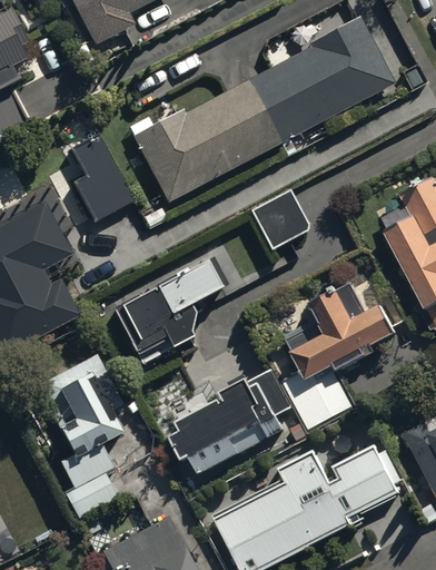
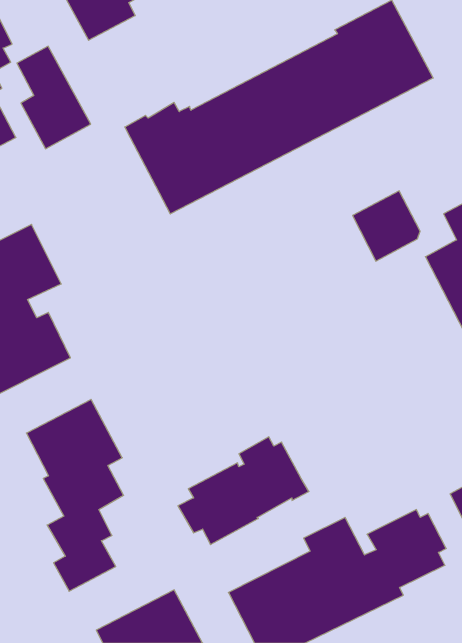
building: [71,132,135,220] -> [17,46,91,149]
building: [250,189,308,249] -> [353,191,420,261]
building: [113,263,224,357] -> none
building: [284,282,396,429] -> none

